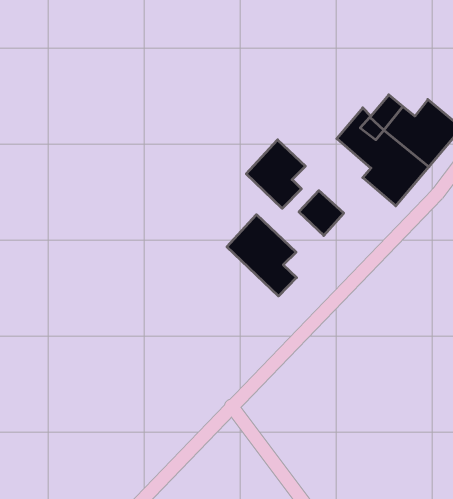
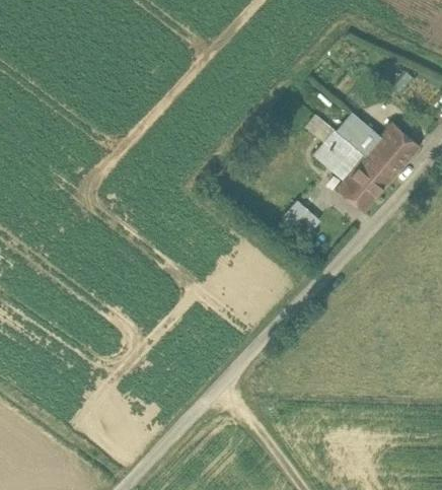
building: [246,140,305,208] -> none
building: [227,215,297,296] -> none

